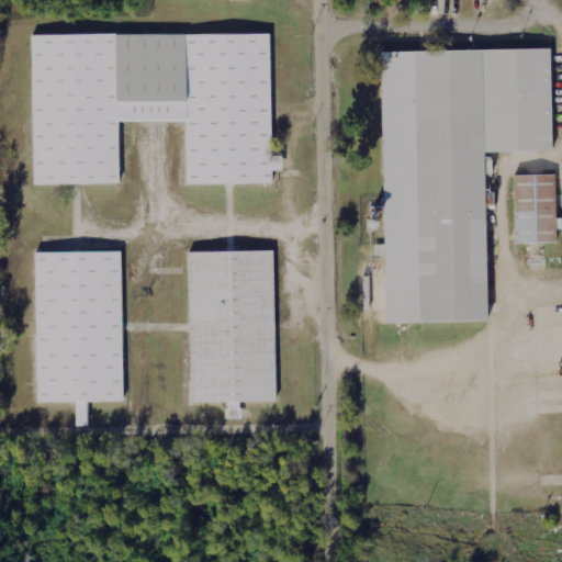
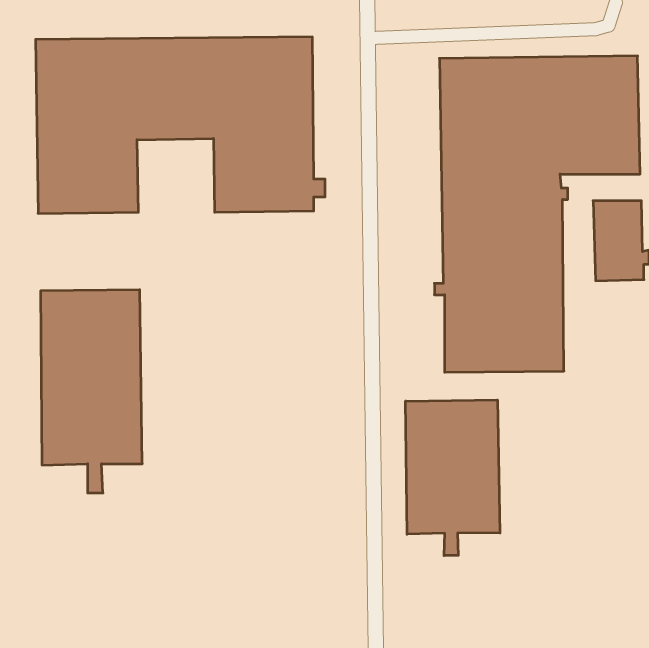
building: [188,250,276,418] -> none
building: none -> [406,400,500,556]

